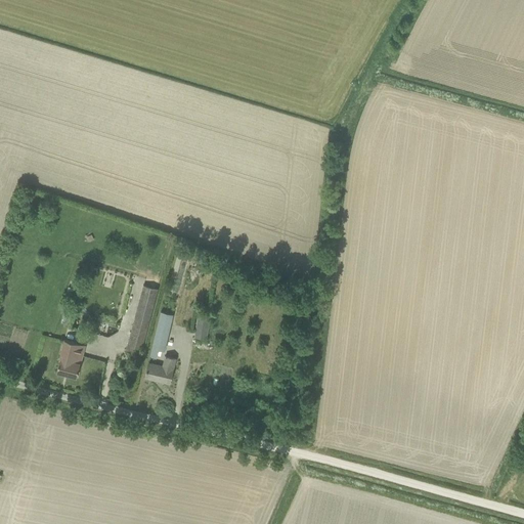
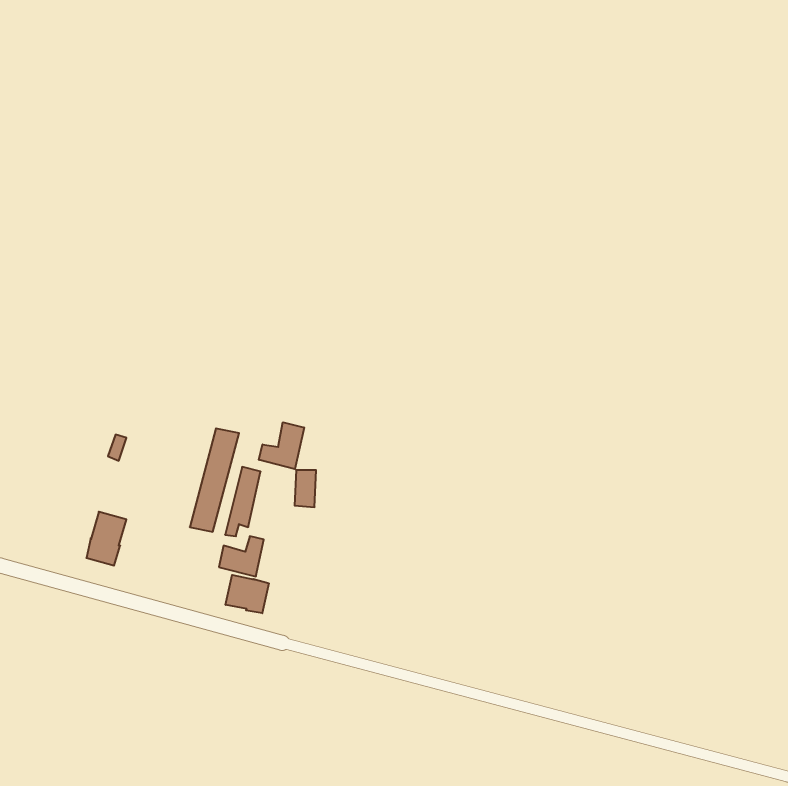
building: none -> [259,422,304,469]
building: none -> [226,575,269,613]

